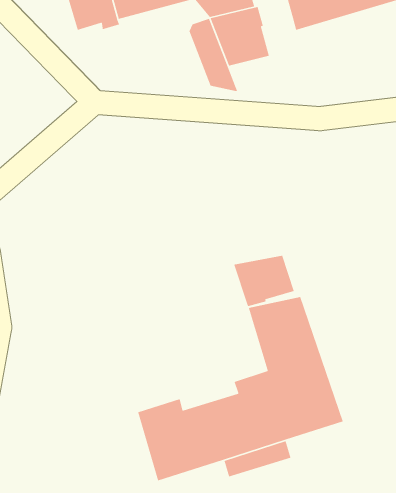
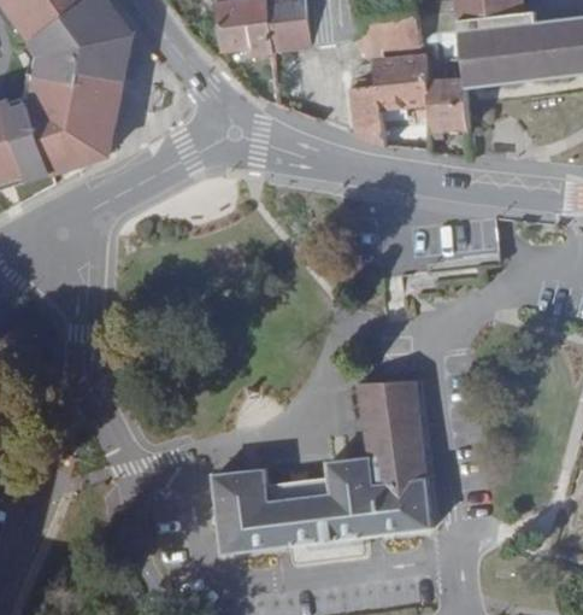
building: none -> [424,74,465,133]
building: [233,255,295,307] -> none

